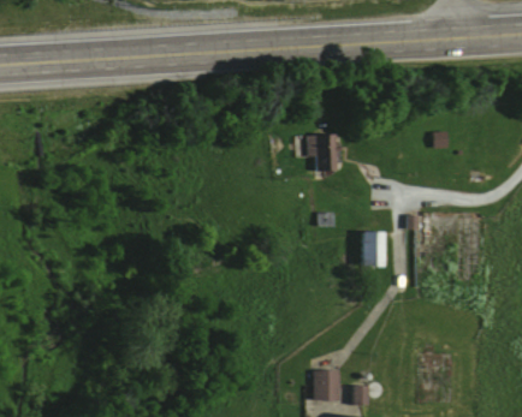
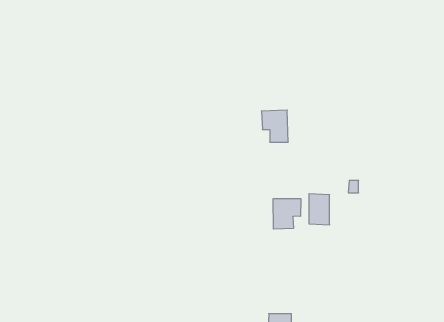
building: none -> [273,199,301,229]

